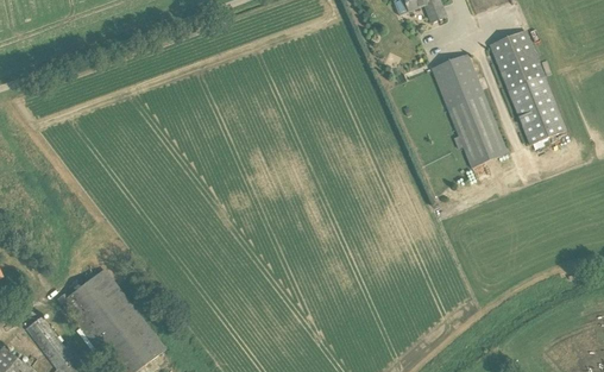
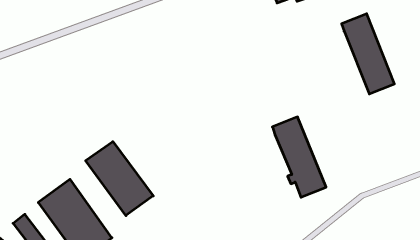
building: [432,53,508,168] -> [272,117,326,197]
building: none -> [86,142,153,216]

